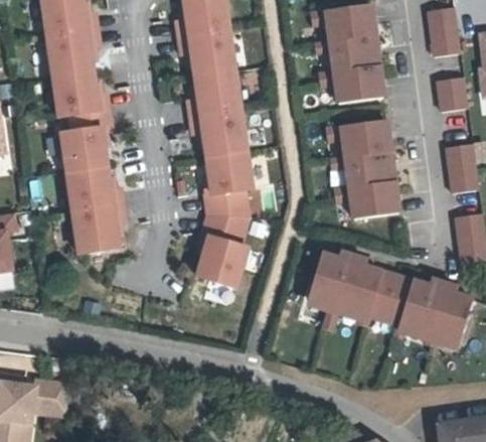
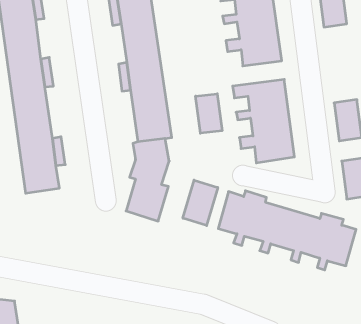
building: [437,77,468,111] -> none
building: none -> [196,94,222,133]
building: none -> [183,180,218,226]

